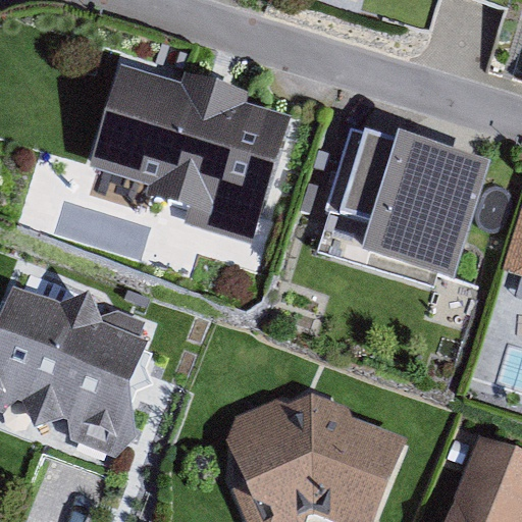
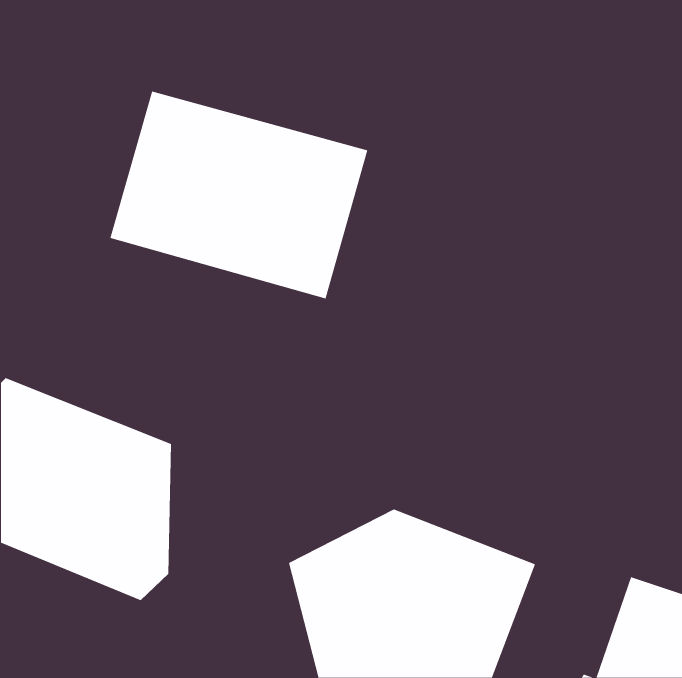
building: [322,124,484,284] -> none

